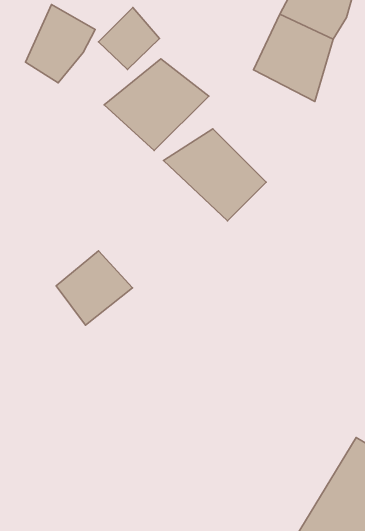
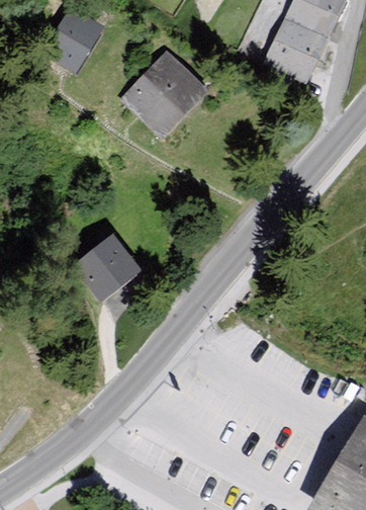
building: [99,8,160,69] -> none
building: [164,129,266,221] -> none

